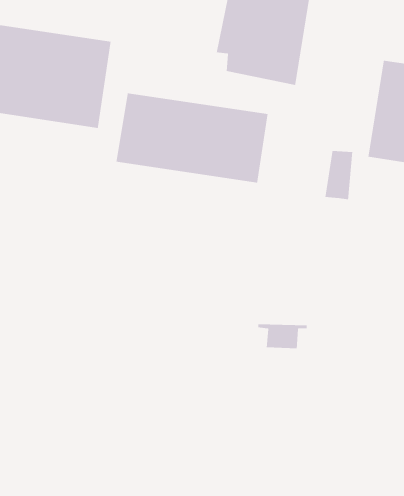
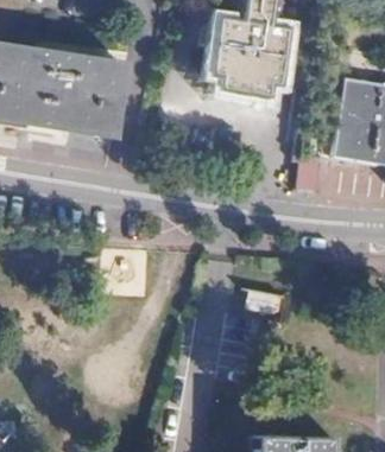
building: [115,93,268,184] -> none

